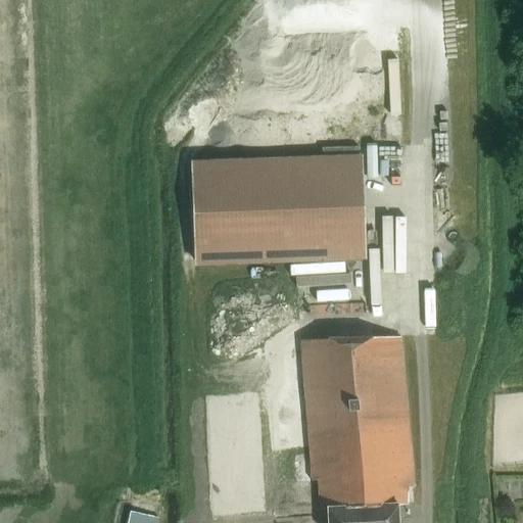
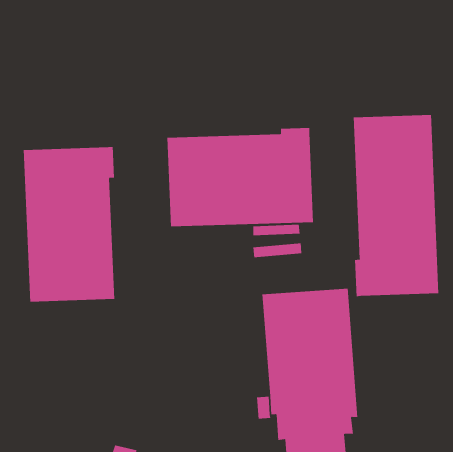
building: none -> [353,114,439,297]
building: none -> [23,146,115,303]

